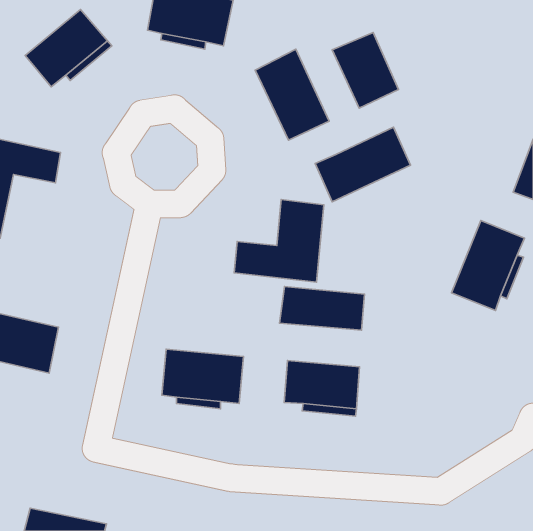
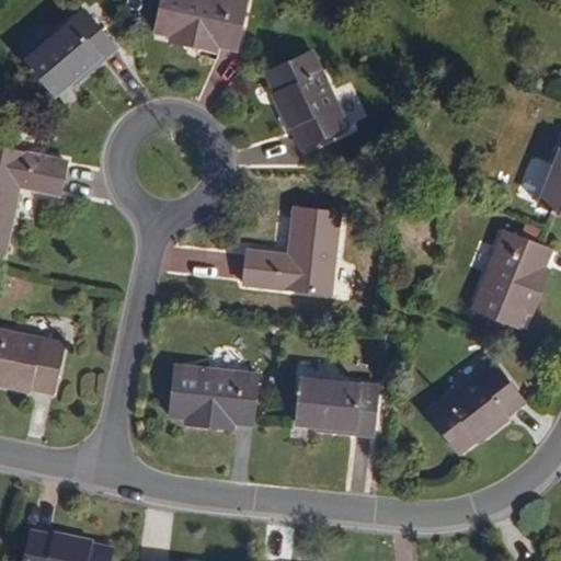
building: [332,32,399,108] -> none
building: [315,127,411,202] -> none
building: [279,286,365,330] -> none
building: none -> [428,362,524,449]

